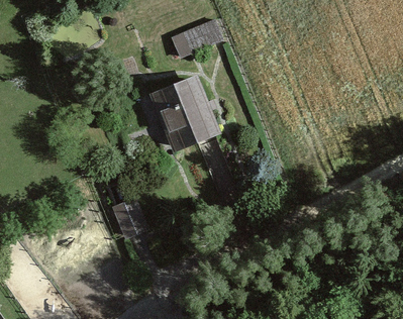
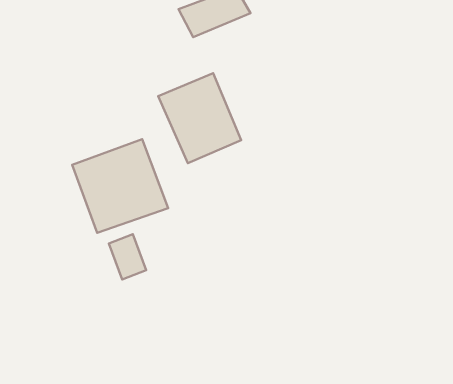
building: none -> [72,139,168,233]

